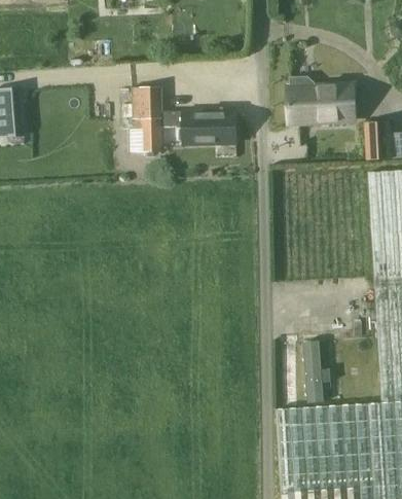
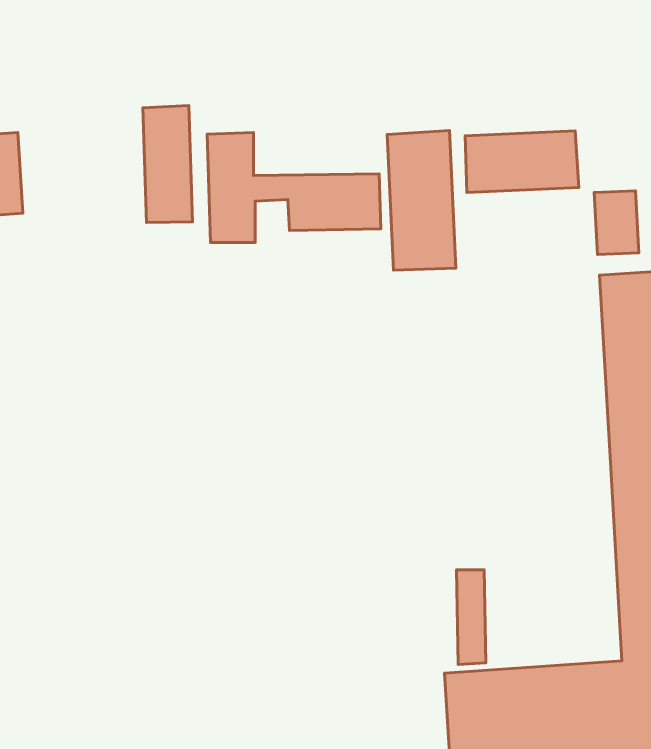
building: none -> [143,106,192,222]
building: none -> [387,131,456,270]
building: [305,345,335,404] -> none

